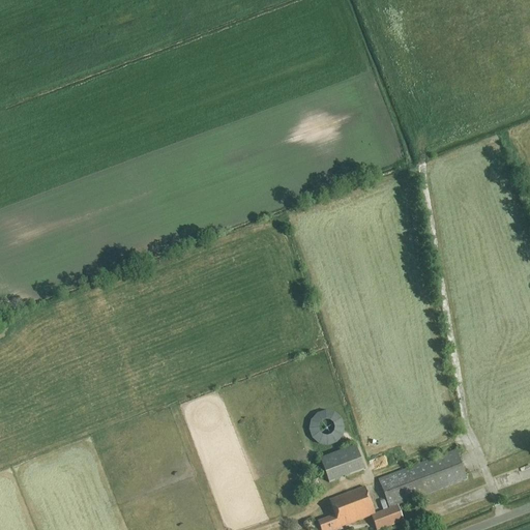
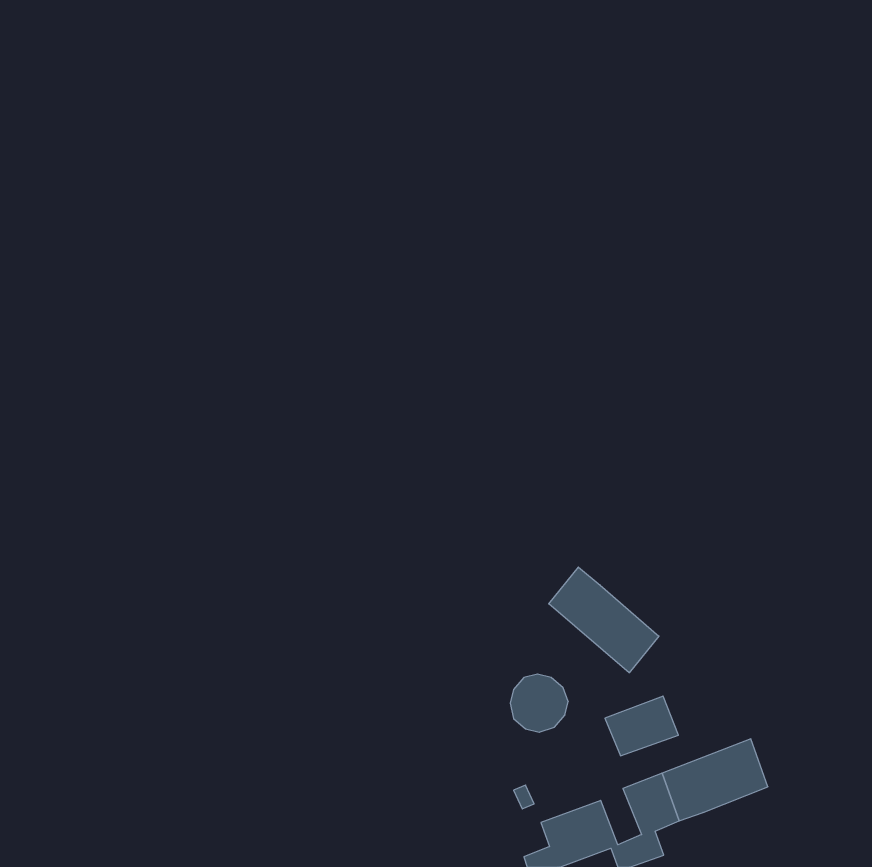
building: none -> [549,567,659,673]
building: [319,444,363,480] -> [605,696,678,756]

